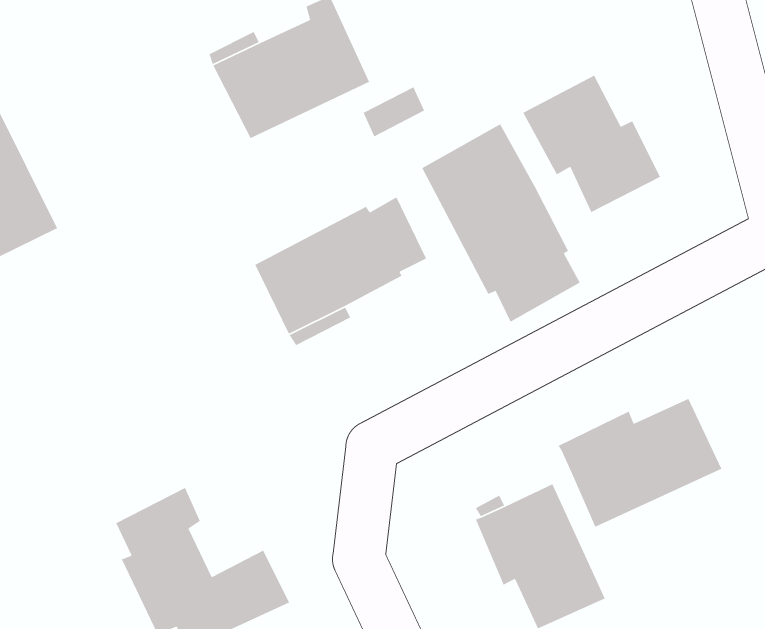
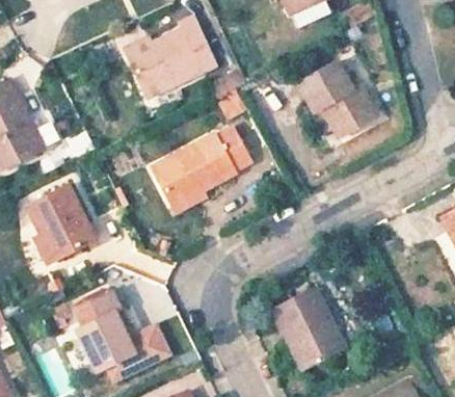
building: [421,123,581,323] -> none
building: none -> [27,184,95,257]
building: [557,398,723,528] -> none

